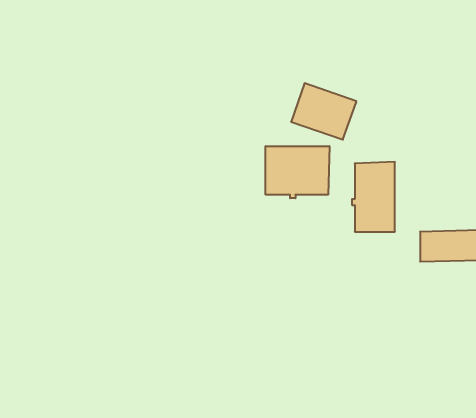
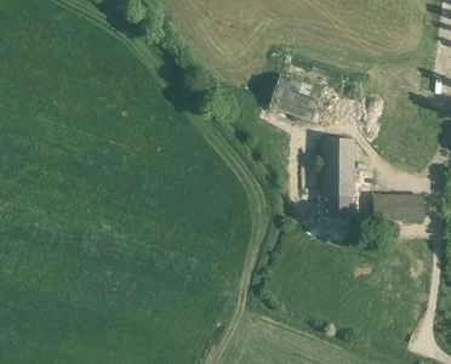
building: [266,146,329,198] -> none
building: none -> [322,195,355,220]

